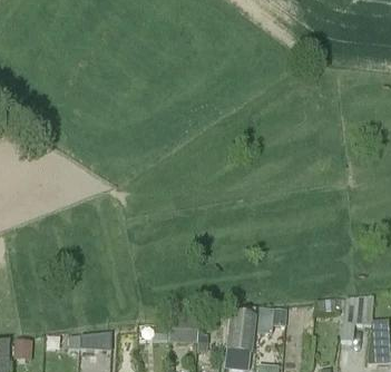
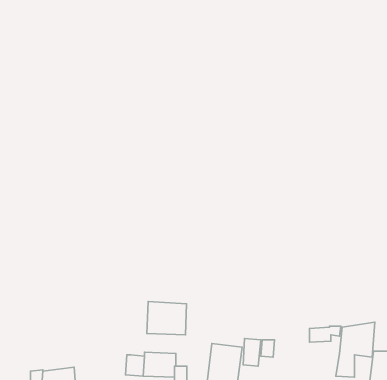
building: none -> [147,301,187,335]

